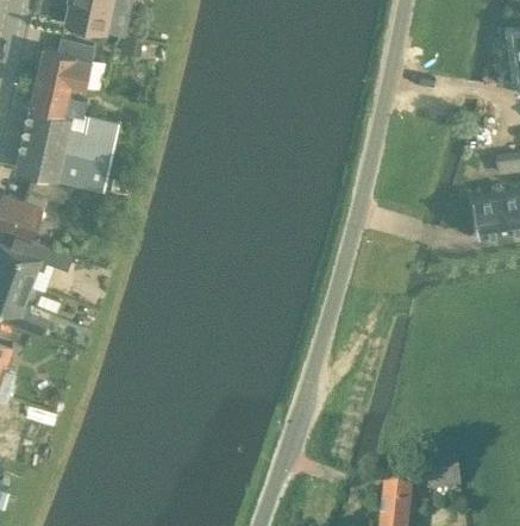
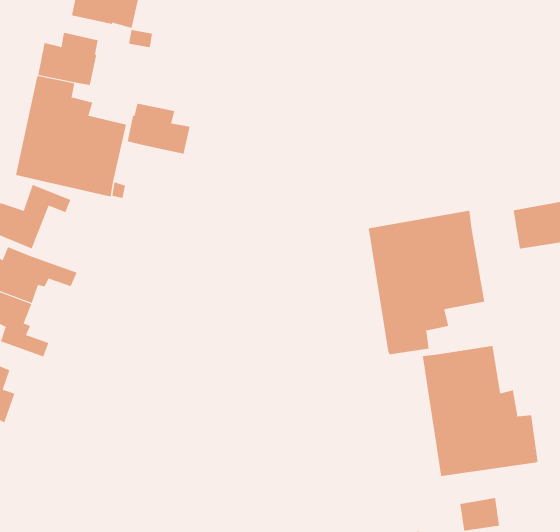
building: none -> [127,103,190,154]
building: none -> [368,210,485,355]
building: none -> [422,345,538,477]

